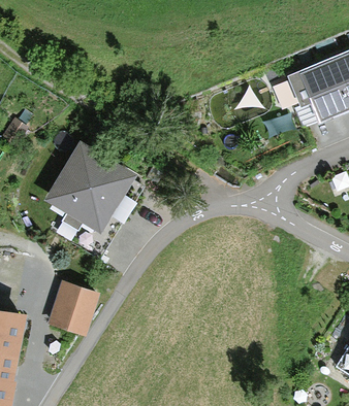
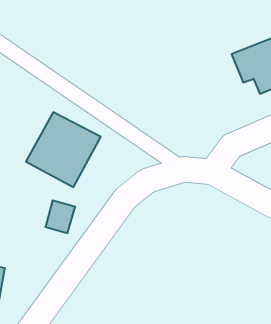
building: [57,295,92,333] -> [45,201,75,233]

